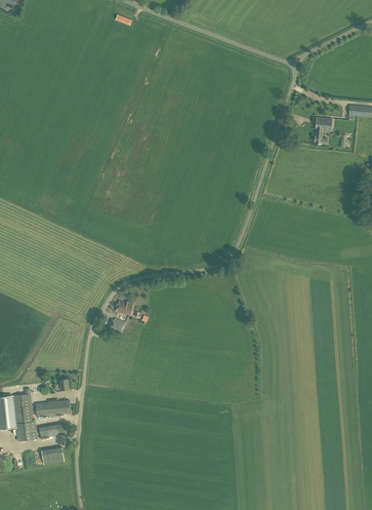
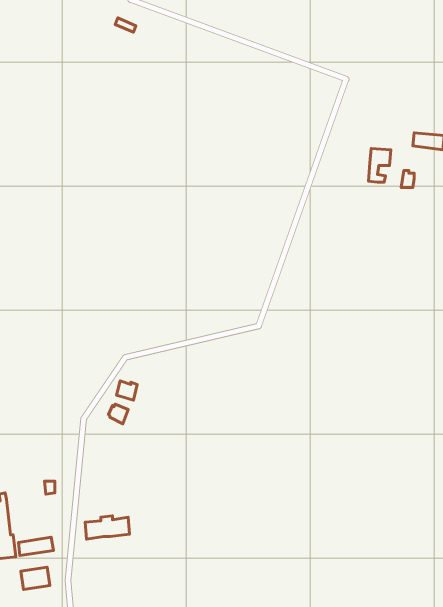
building: [34,398,69,417] -> [85,516,130,539]

